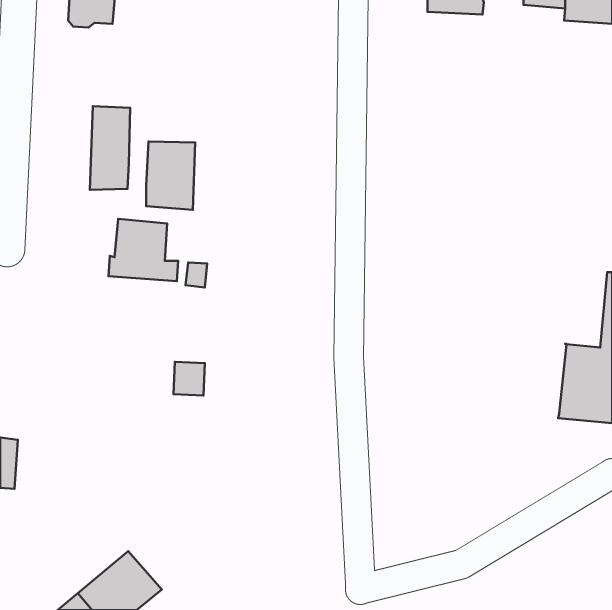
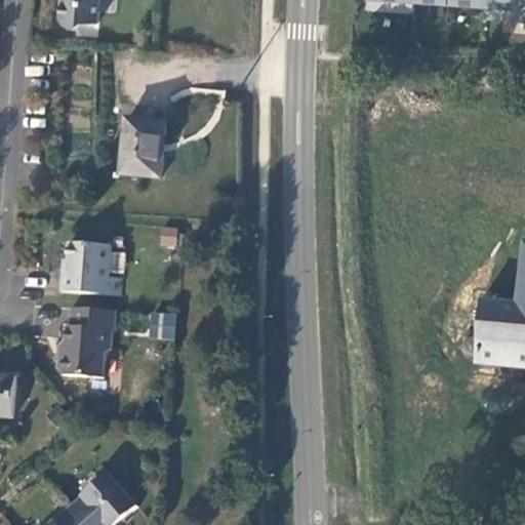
building: [90,106,130,190] -> none
building: [109,219,178,281] -> [60,241,120,294]
building: none -> [57,307,116,377]

